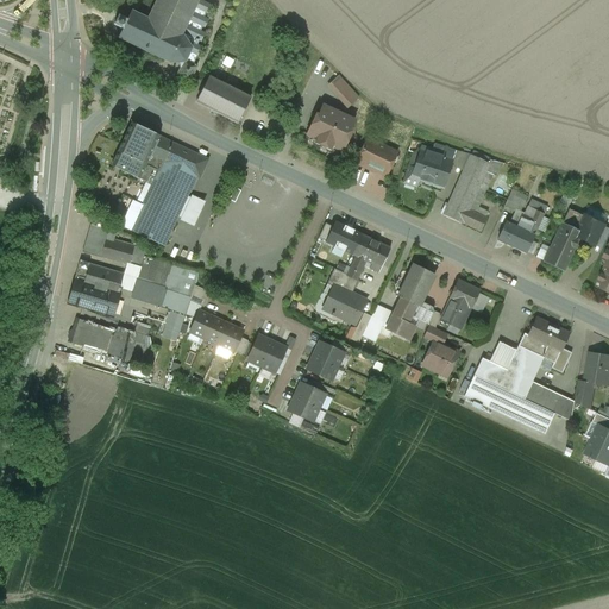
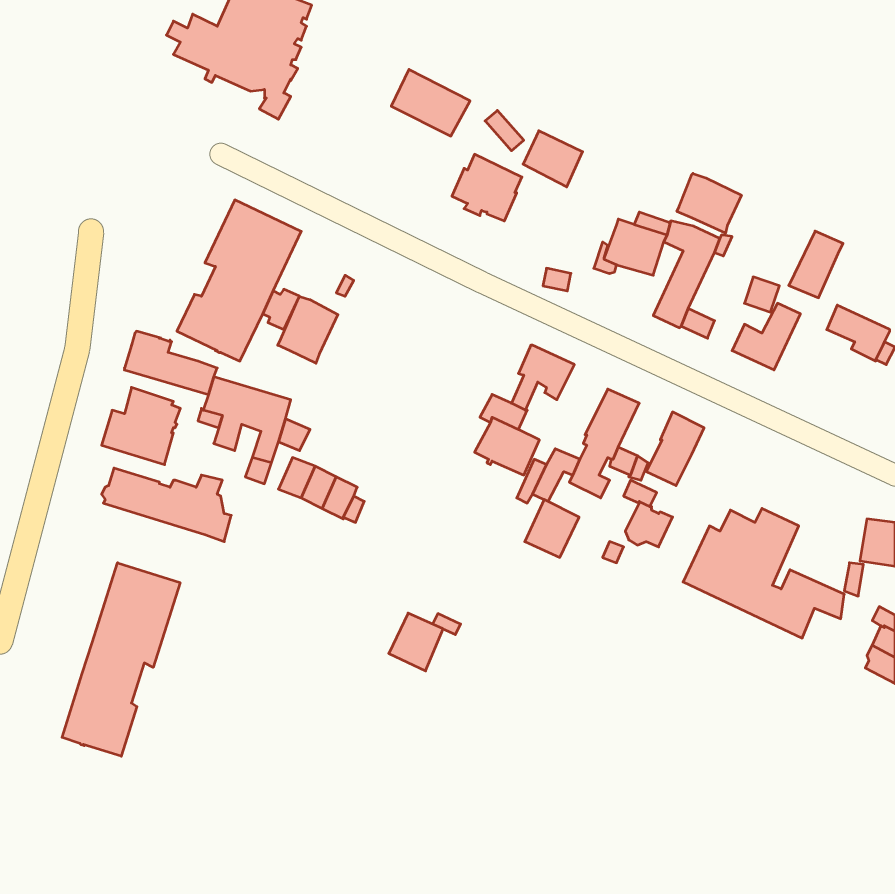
building: [196,76,250,121] -> [391,69,470,136]
building: none -> [677,173,741,233]
building: [111,121,159,178] -> none
building: [357,137,397,175] -> [523,131,583,187]
building: none -> [278,297,338,363]
building: [318,222,360,253] -> none
building: [544,224,580,269] -> [789,231,843,298]
building: [517,316,571,372] -> none
building: [247,334,287,372] -> none
building: [307,340,344,379] -> [525,499,579,557]
building: [288,382,325,421] -> [389,613,443,671]
building: none -> [62,563,180,756]

